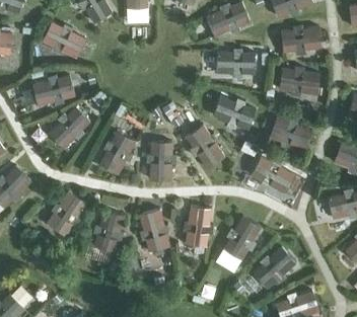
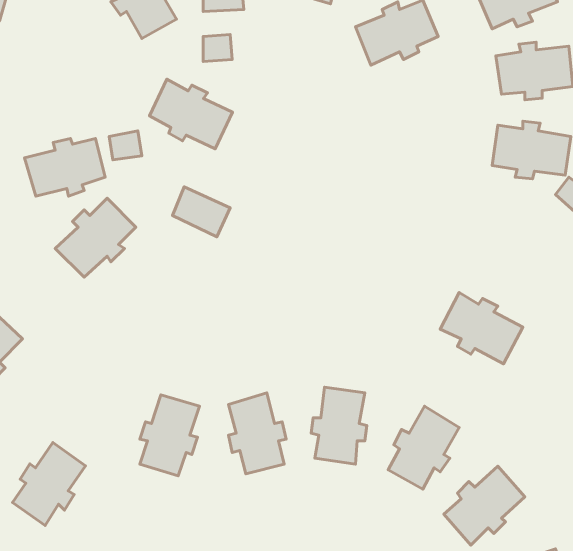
building: [42,21,85,58] -> [150,79,232,149]
building: [215,49,255,77] -> none
building: [212,96,256,130] -> none
building: [269,117,311,151] -> none
building: [186,125,224,168] -> none
building: [98,131,135,174] -> none
building: [146,141,175,180] -> none
building: [47,191,85,235] -> [12,443,86,525]

